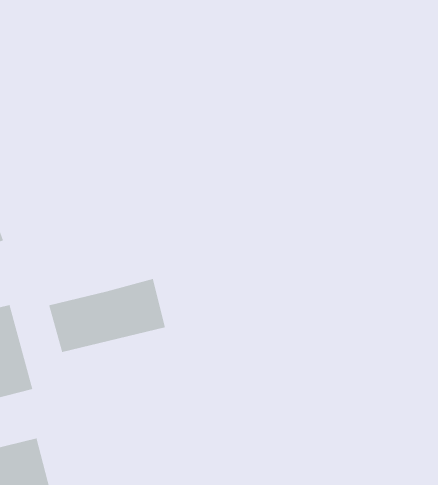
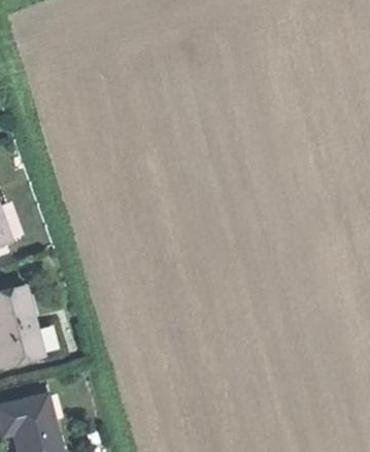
building: [49,278,166,353] -> none

